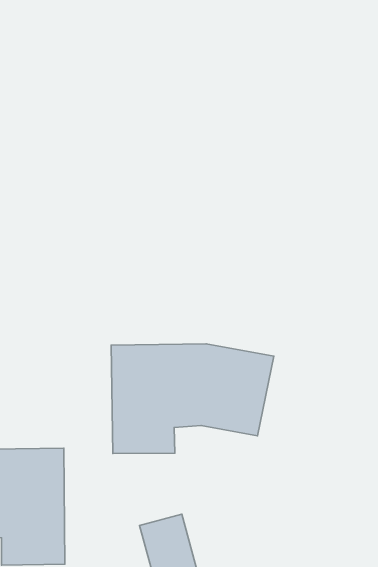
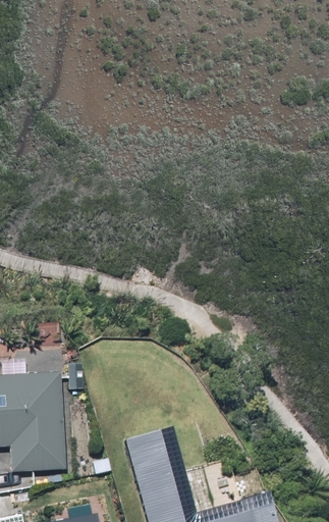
building: [111,344,274,453] -> none

